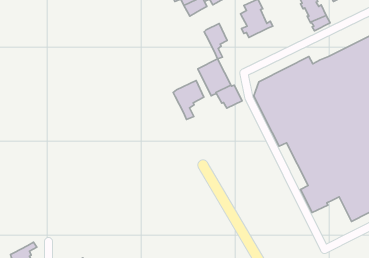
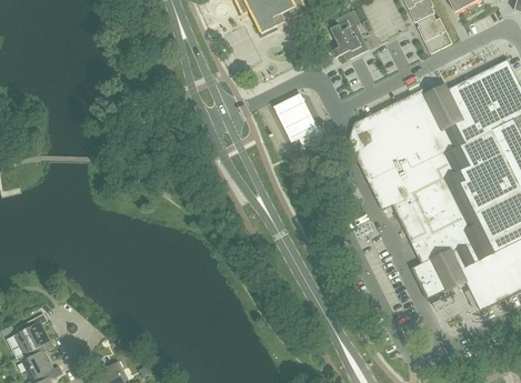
building: [204,23,227,59] -> none
building: [173,80,204,119] -> none
building: none -> [13,311,46,352]

